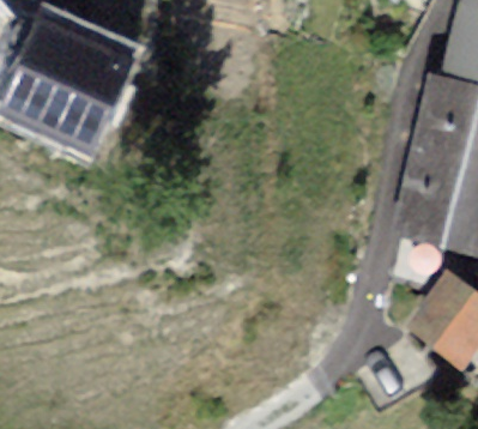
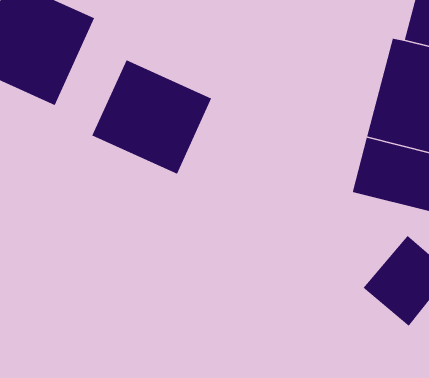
building: none -> [91,59,212,175]

